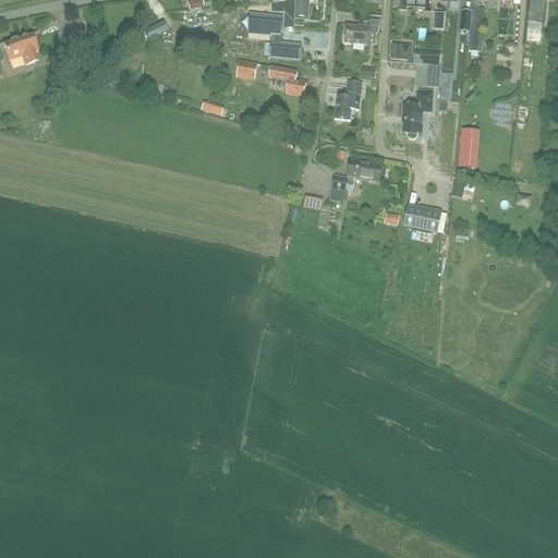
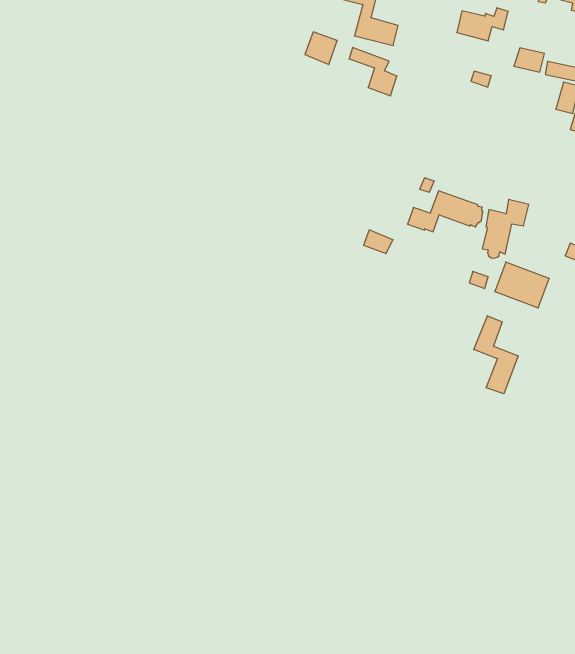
building: [336,80,362,119] -> none
building: [403,92,432,136] -> [482,199,529,258]
building: none -> [474,316,518,394]

